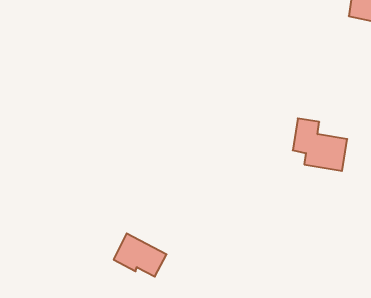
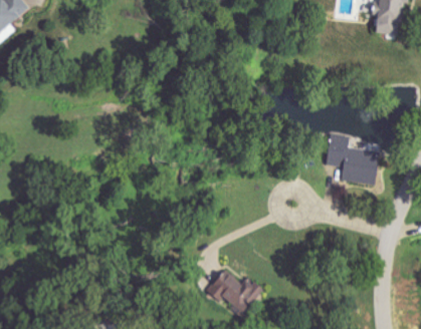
building: [114,233,167,277] -> [211,270,262,310]

